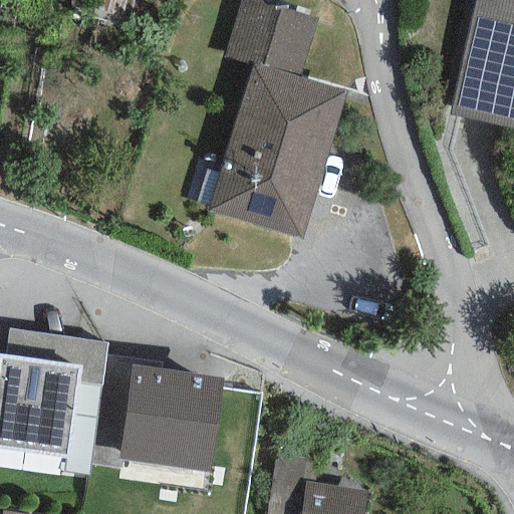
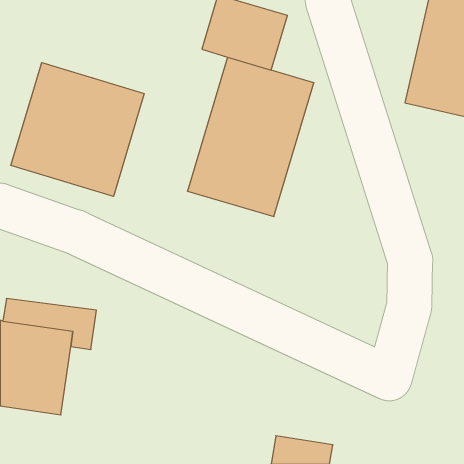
building: none -> [11,63,144,196]
building: [118,364,222,472] -> none

